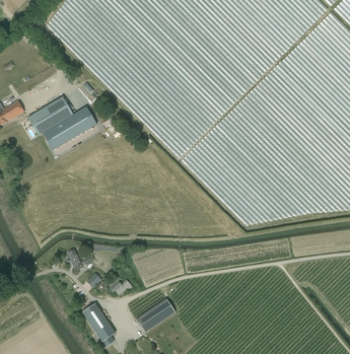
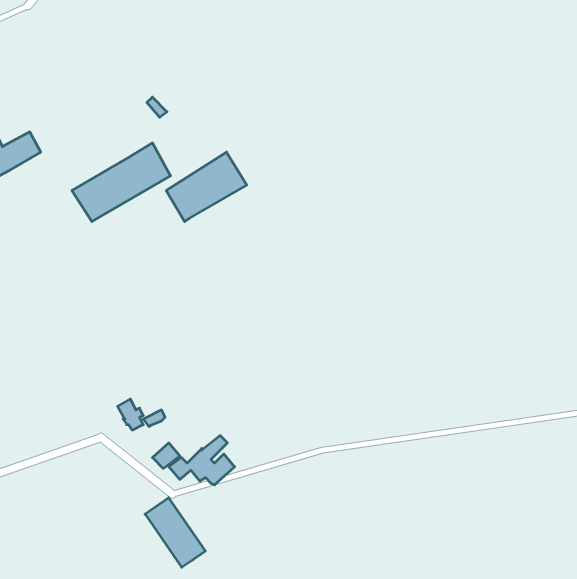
building: [28,96,73,135] -> [166,152,247,222]
building: [136,298,176,333] -> none

